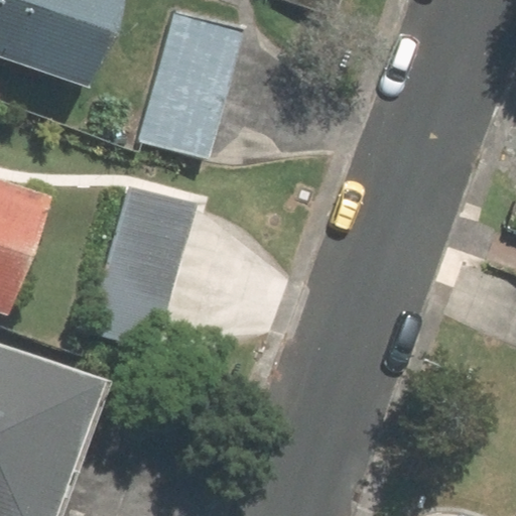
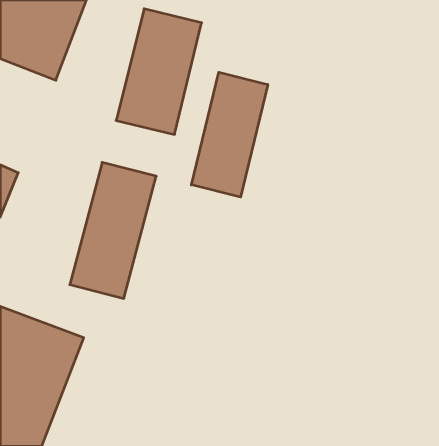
building: none -> [191,72,268,197]

